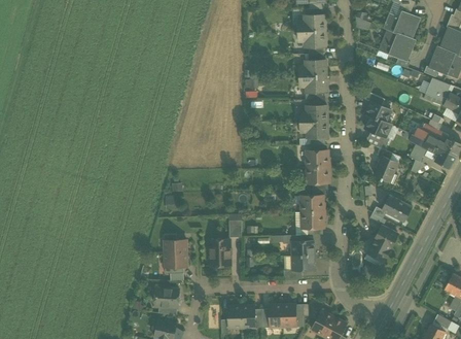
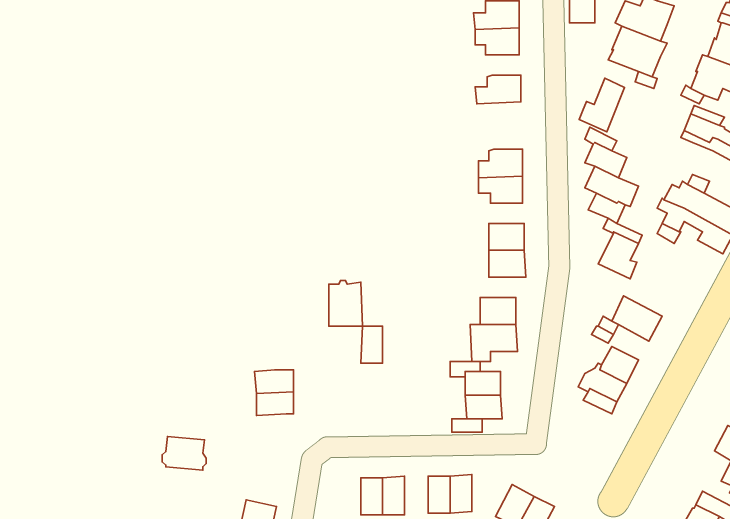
building: none -> [579,78,625,132]
building: [299,76,326,93] -> none
building: [210,238,230,266] -> [329,281,362,326]
building: [153,287,180,308] -> [162,436,206,470]

